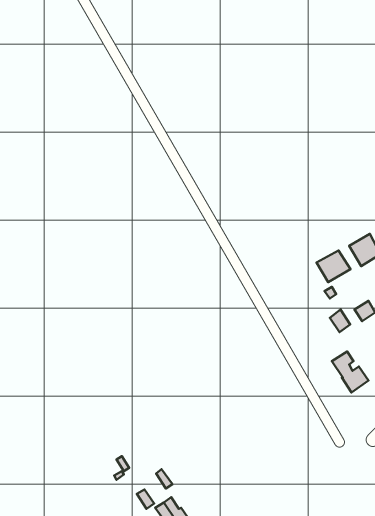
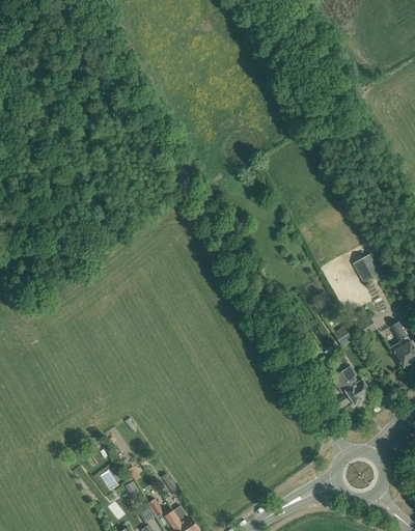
building: [317,251,351,282] -> none

